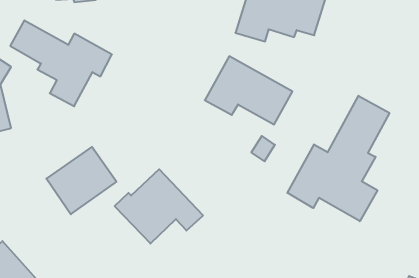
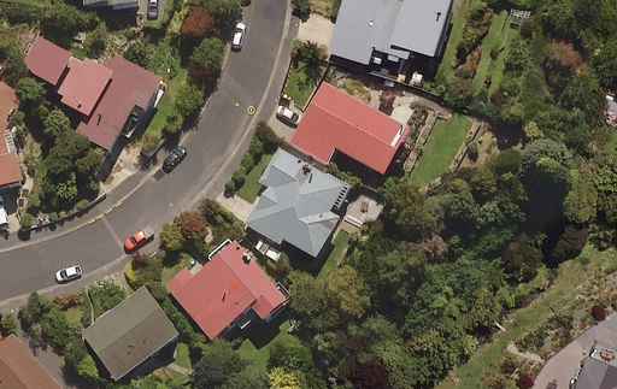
building: [287,96,389,221] -> none
building: none -> [242,148,349,259]
building: [46,147,116,214] -> [81,288,177,381]

